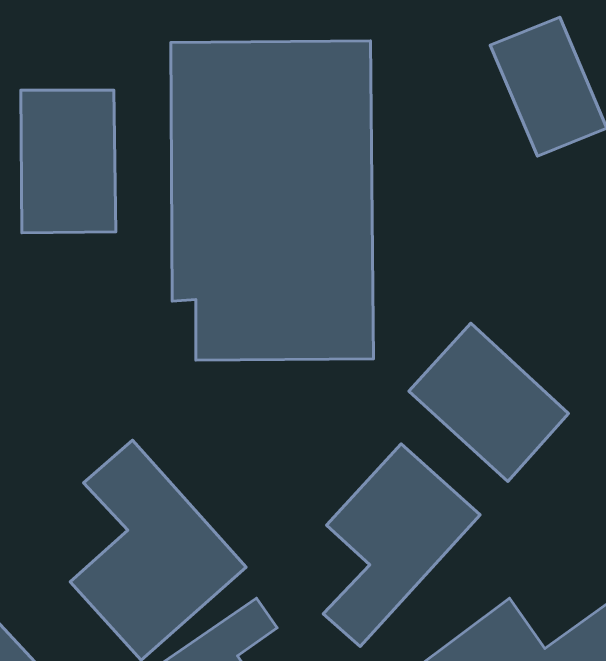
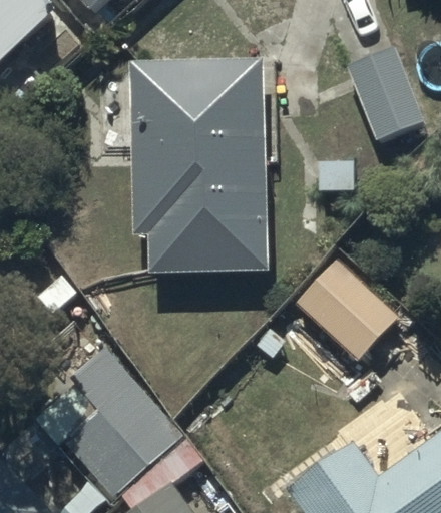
building: [21,90,116,233] -> none
building: [323,444,480,647] -> none

